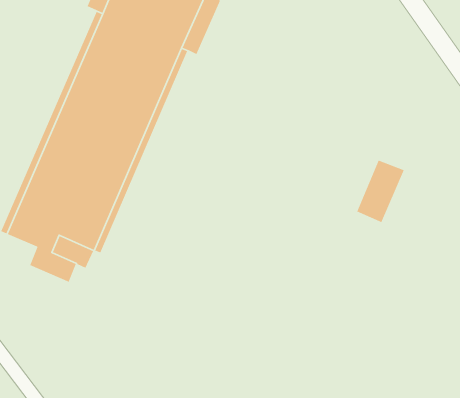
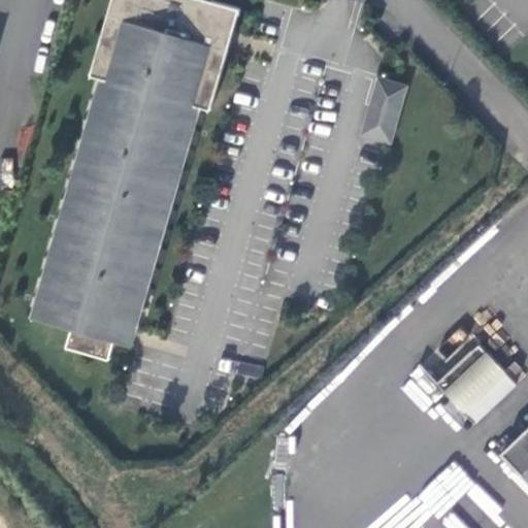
building: [356,159,405,223] -> [362,78,406,143]
building: none -> [436,349,515,425]

